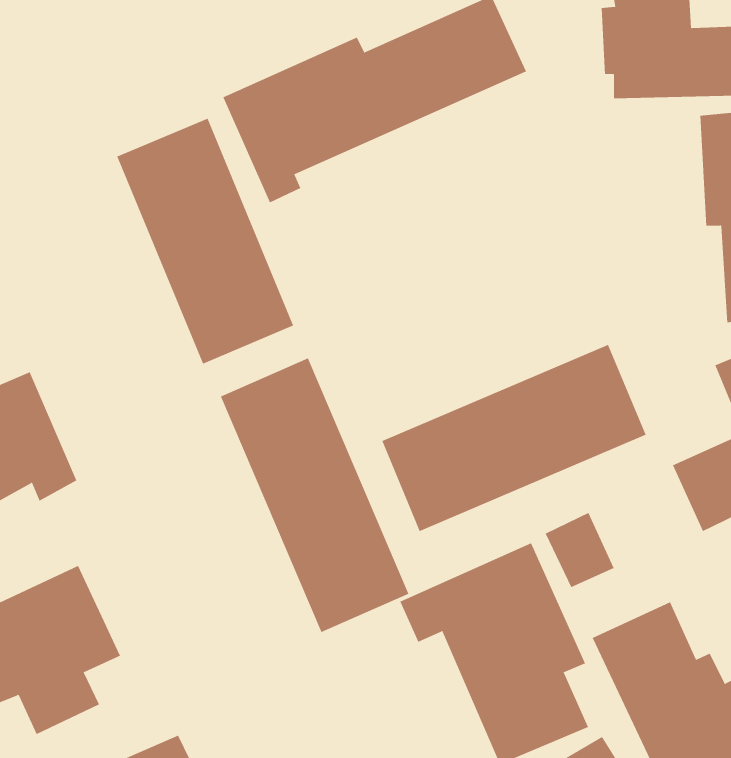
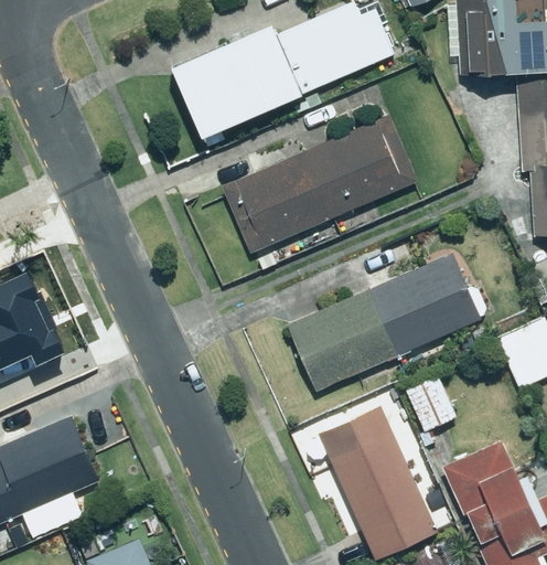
building: [117,118,294,364] -> none
building: none -> [225,117,417,249]
building: [220,358,409,633] -> none

